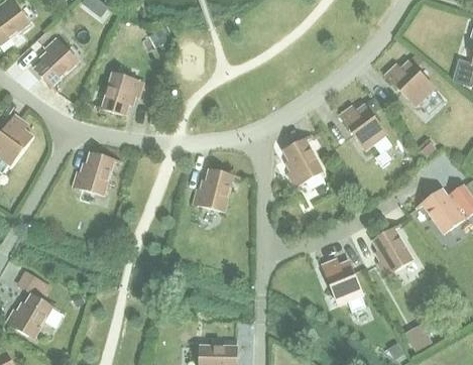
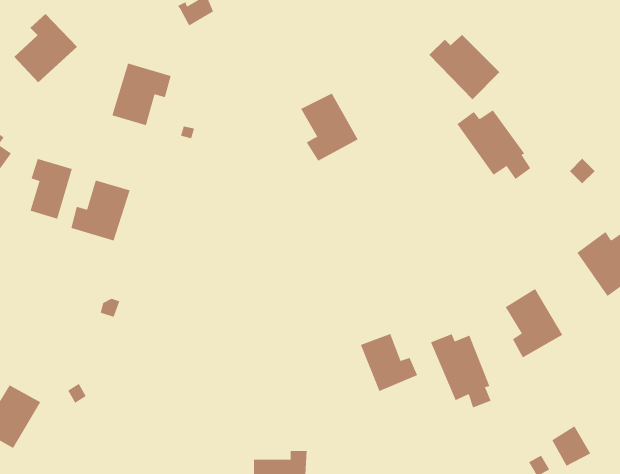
building: [384,60,434,106] -> [429,34,500,100]
building: none -> [30,158,73,220]
building: [282,138,323,186] -> [300,93,359,161]
building: [193,168,233,211] -> none
building: none -> [360,333,418,392]

